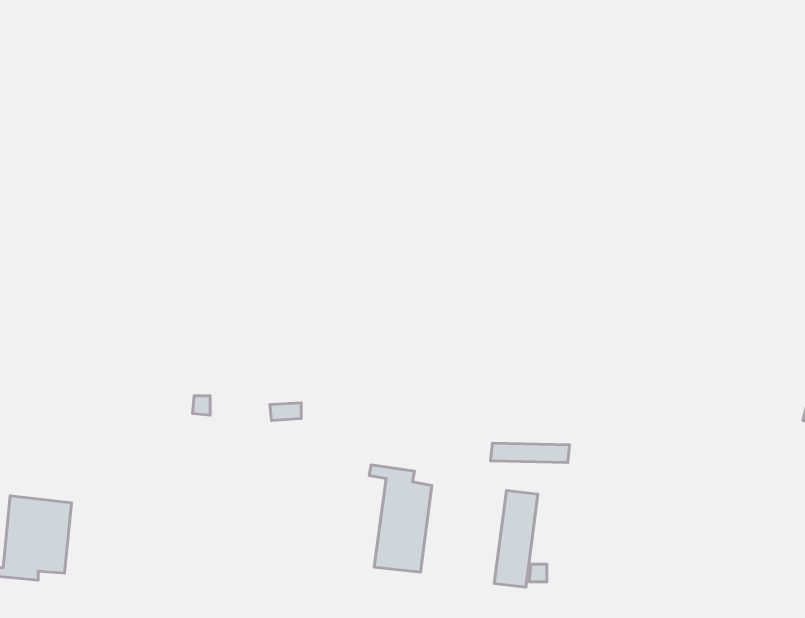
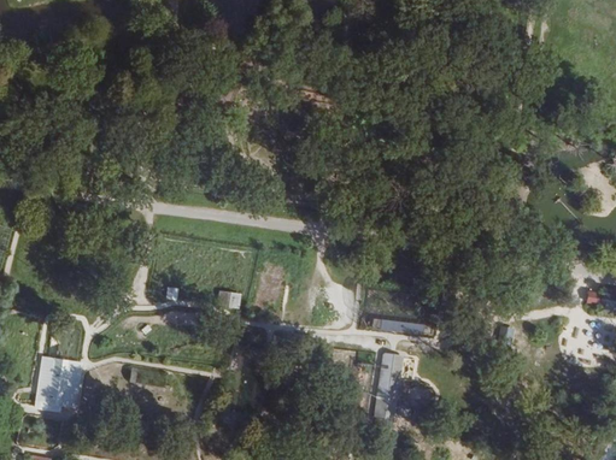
building: [369,465,432,572] -> none

